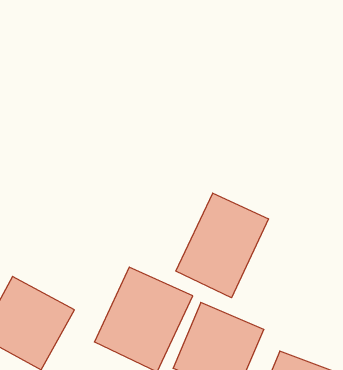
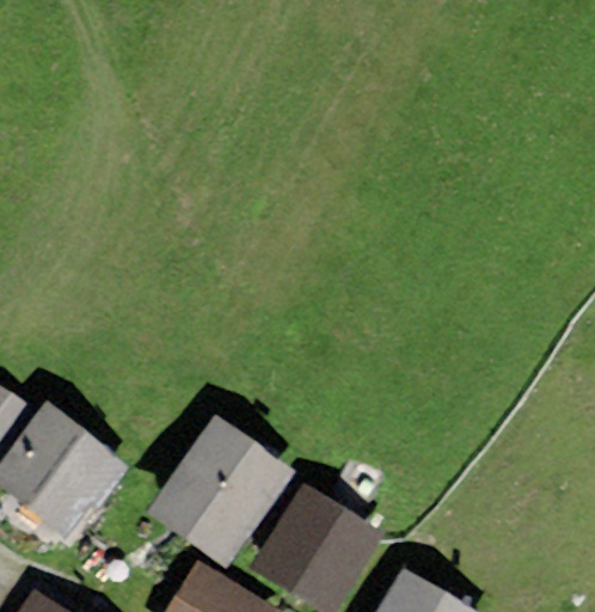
building: [176,193,268,298] -> none

